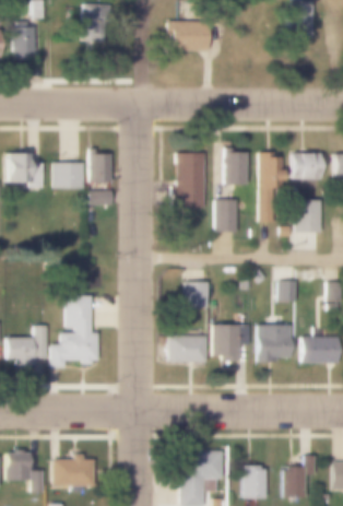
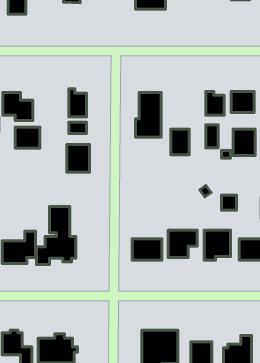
building: [225,148,248,185] -> none
building: [54,162,84,188] -> [15,127,40,148]
building: none -> [67,145,89,172]
building: [185,281,209,306] -> none

